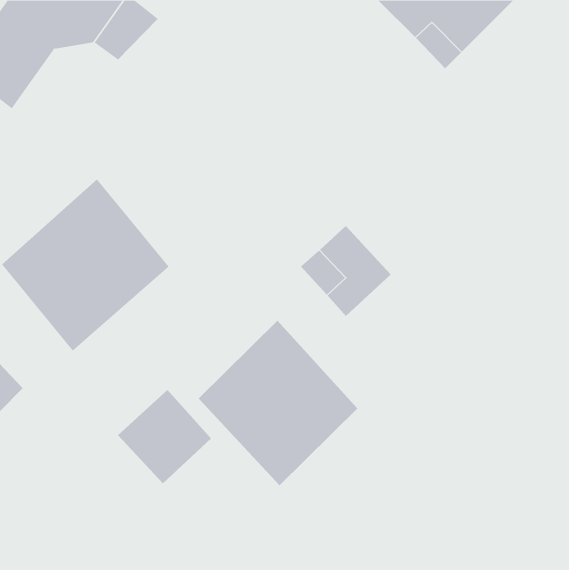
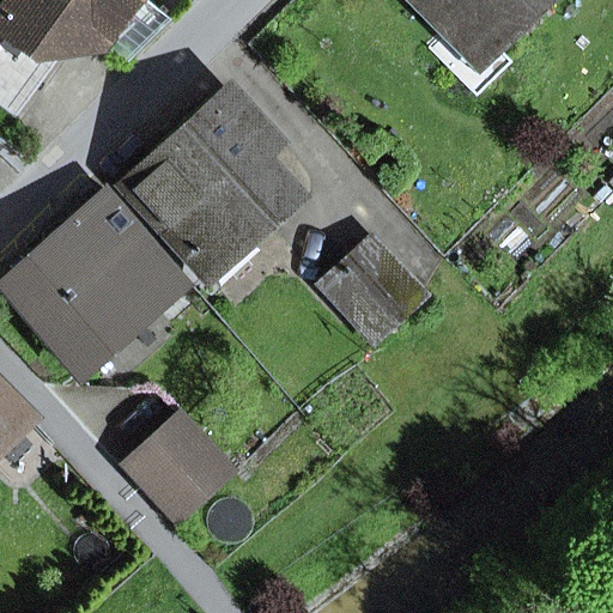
building: none -> [127,96,292,274]
building: [198,320,358,486] -> none

